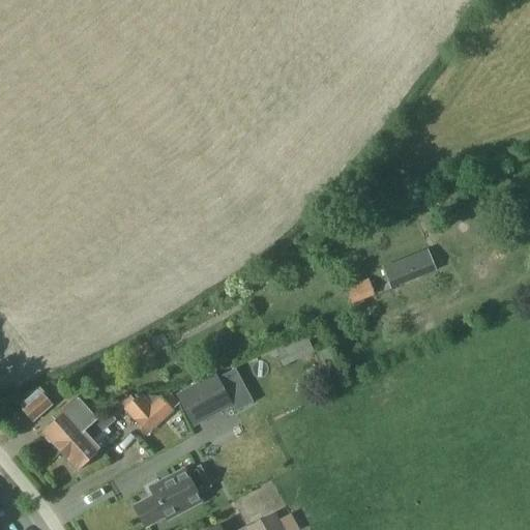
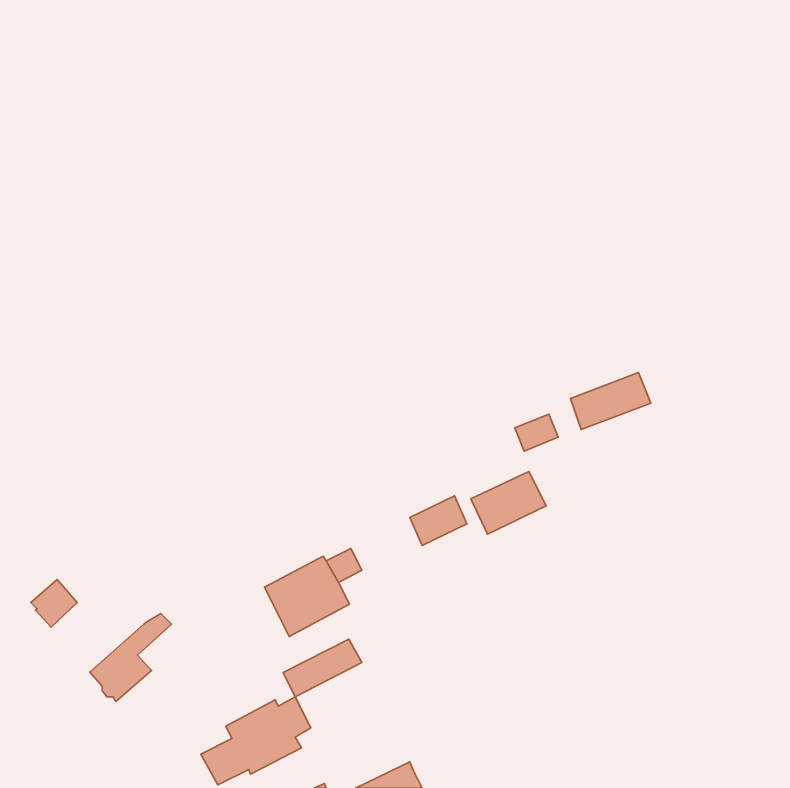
building: none -> [471,472,546,534]
building: [124,392,173,433] -> none
building: [43,396,96,450] -> none
building: none -> [283,639,362,697]

